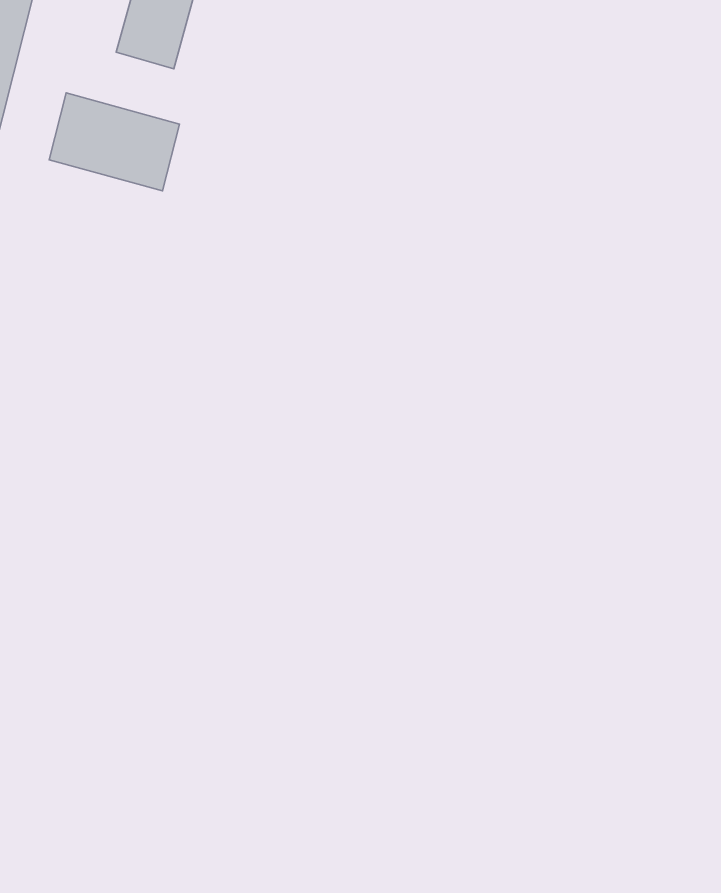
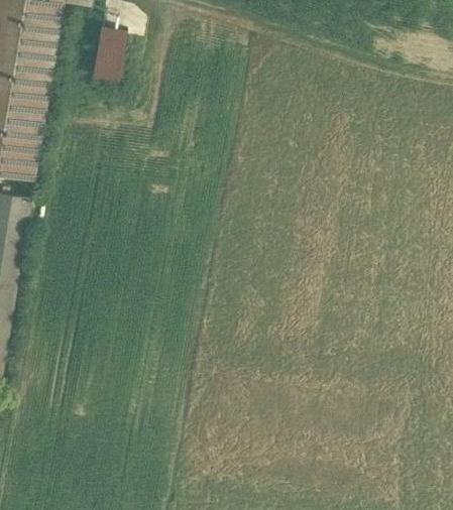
building: [49,93,180,191] -> none

